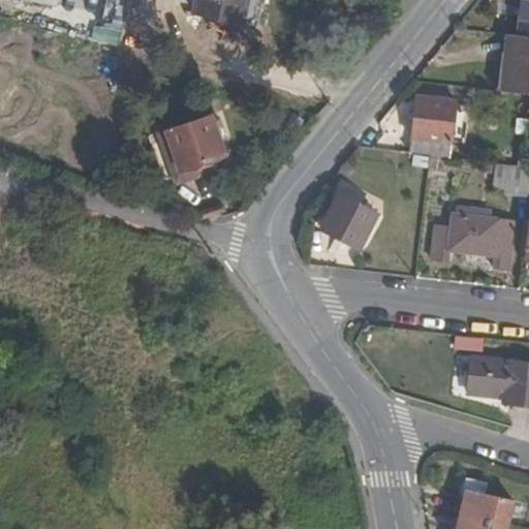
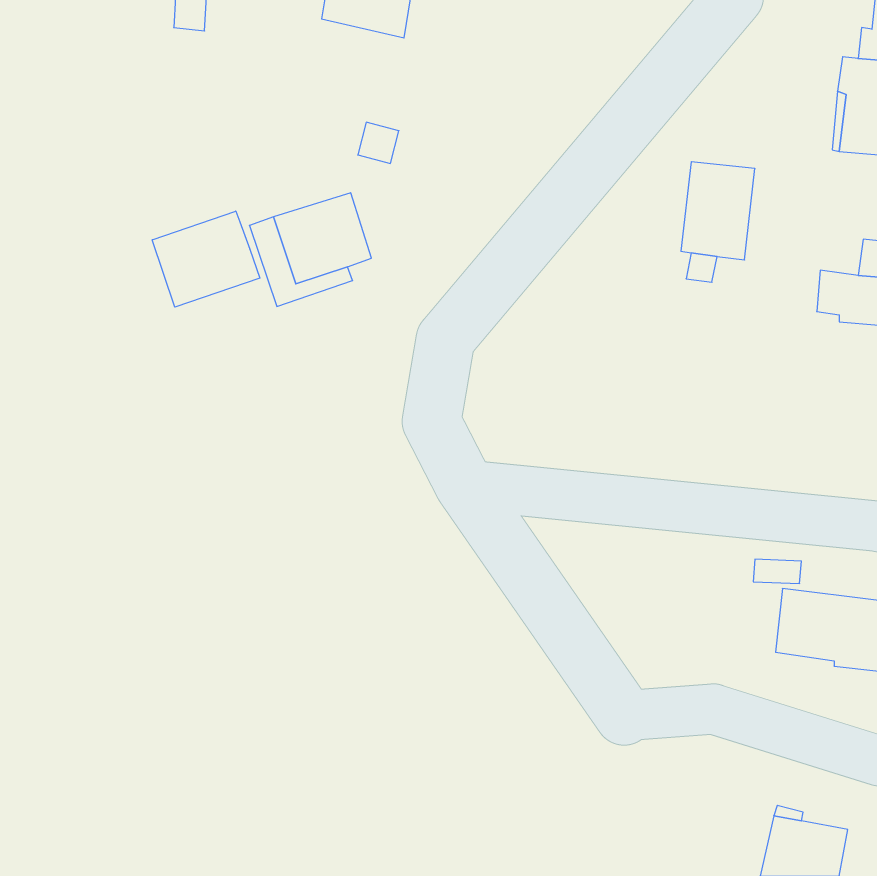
building: none -> [152,211,260,307]
building: [319,192,377,247] -> none
building: [430,207,516,268] -> none

